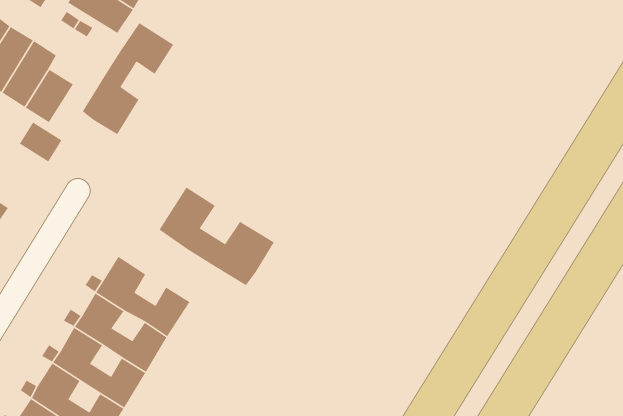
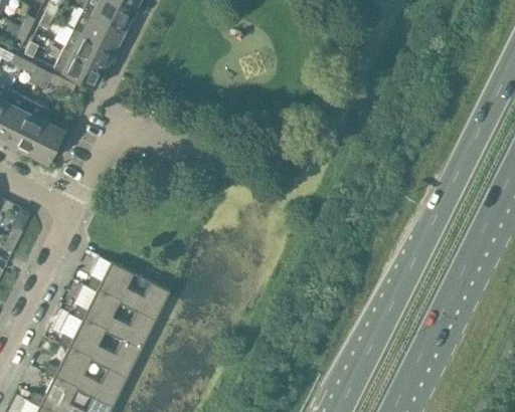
building: [82,22,174,135] -> none
building: [19,122,62,162] -> none
building: [159,187,275,286] -> none

